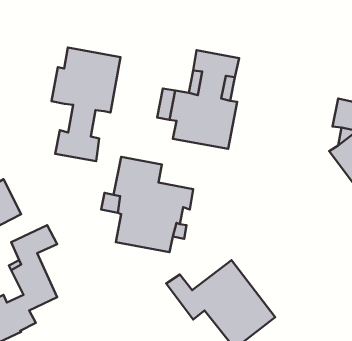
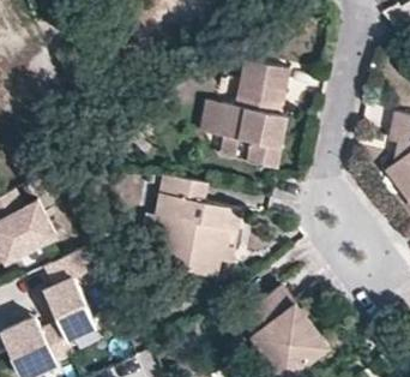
building: [52,48,120,161] -> none

